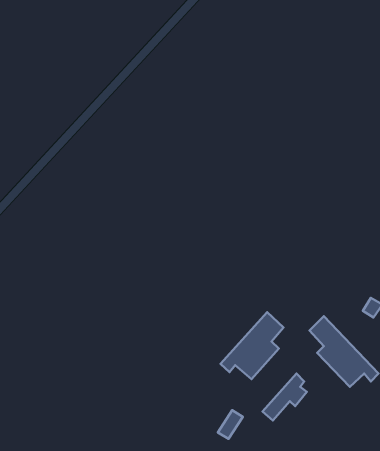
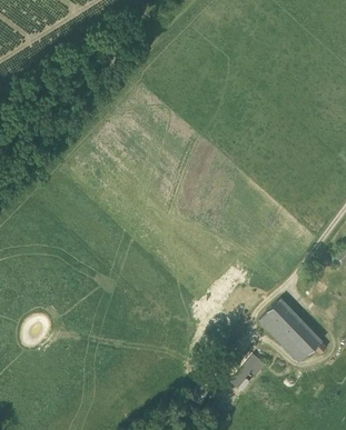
building: [221,312,284,379] -> none

